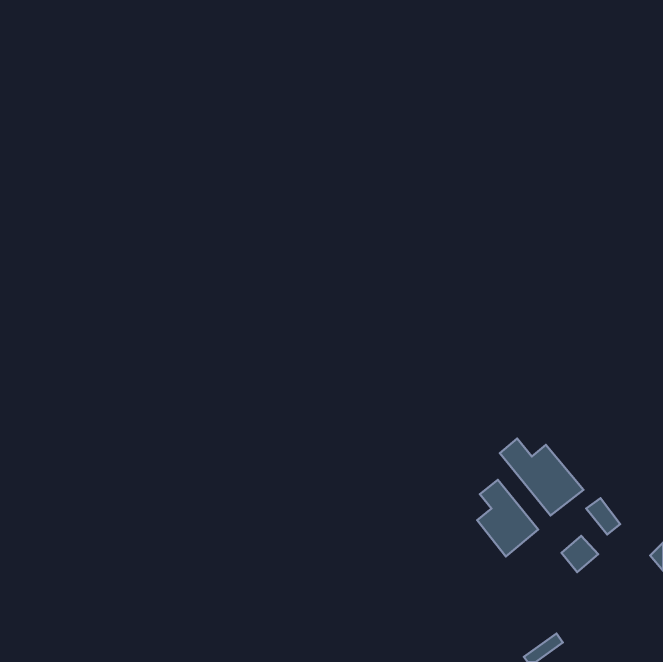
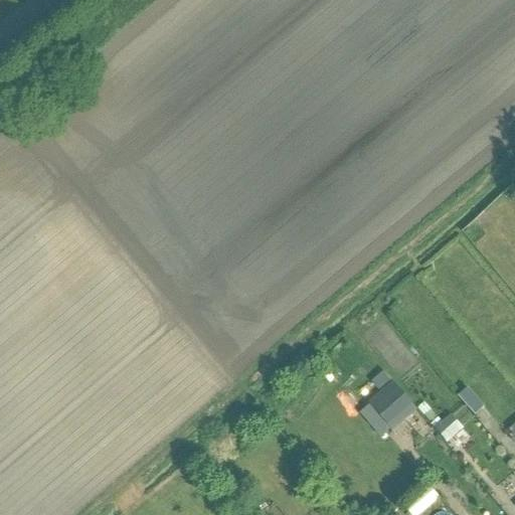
building: [500,438,583,515] -> none

